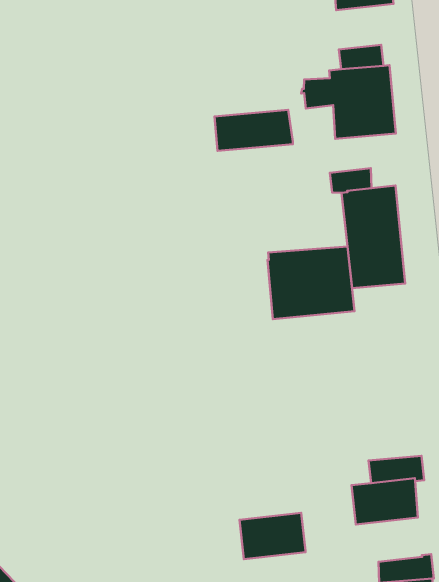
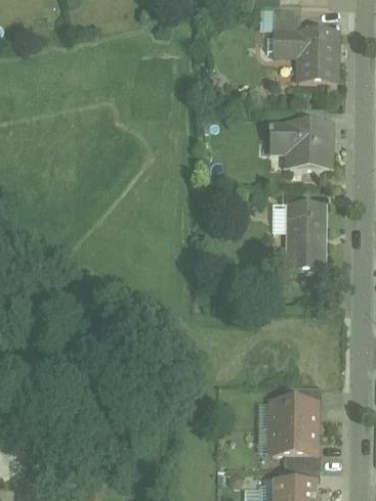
building: [214,110,293,151] -> none
building: [268,246,354,319] -> none
building: [239,513,306,559] -> [273,426,315,453]

